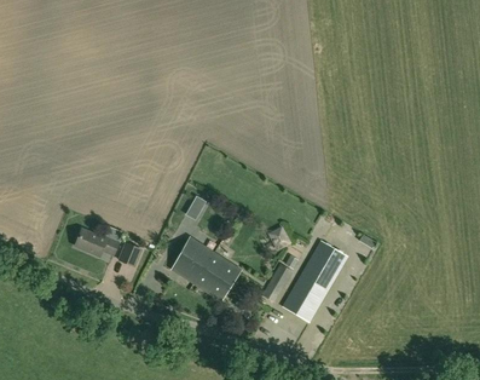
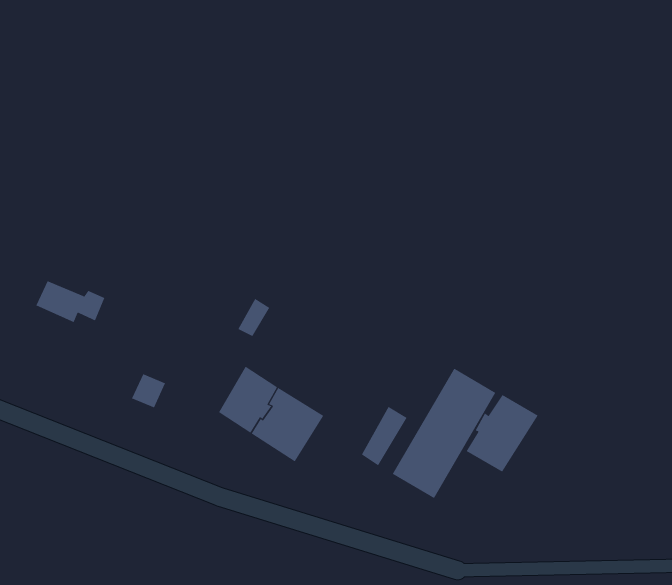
building: [75,229,118,255] -> [36,281,105,323]
building: none -> [466,394,539,473]

